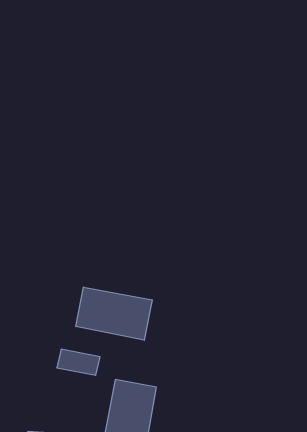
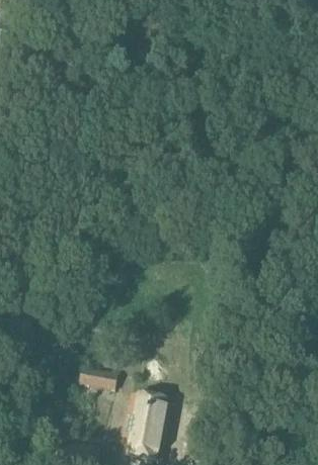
building: [76,287,152,340] -> none

